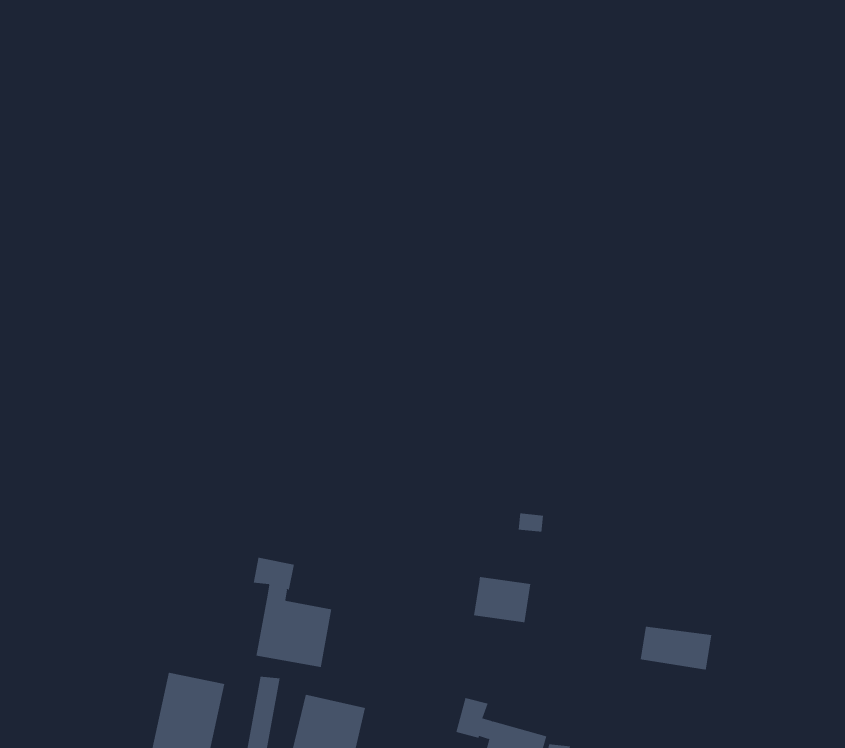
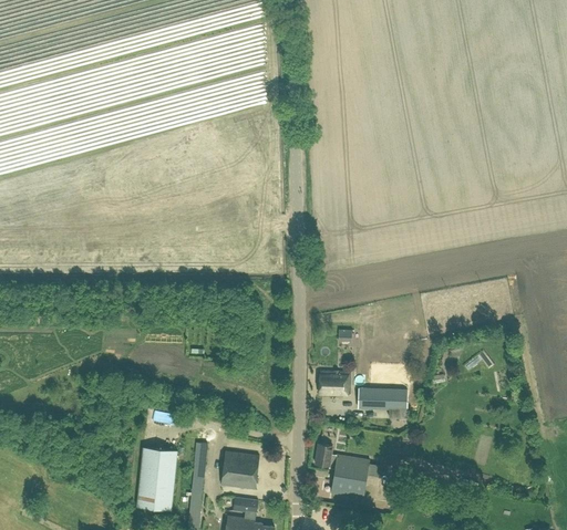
building: [253,557,332,668] -> none
building: [640,626,712,670] -> [358,387,399,409]

